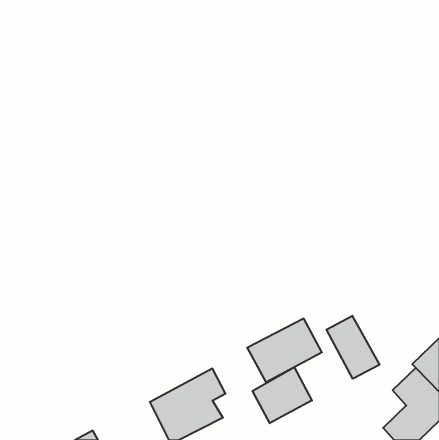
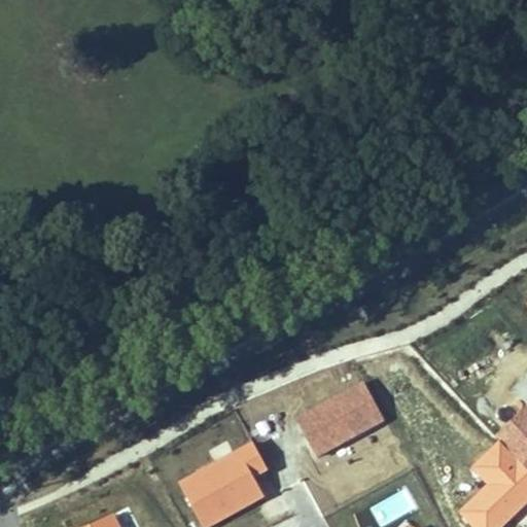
building: [326,316,380,379] -> none
building: [252,367,312,423] -> none

